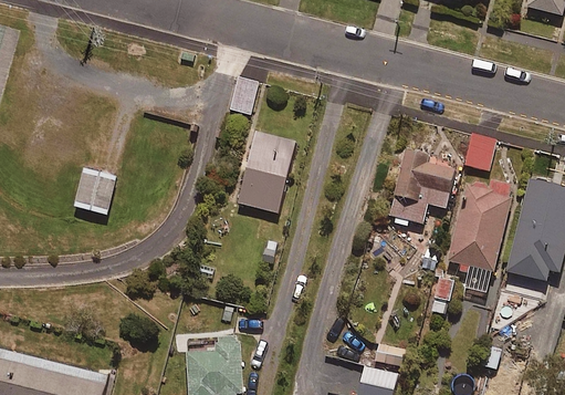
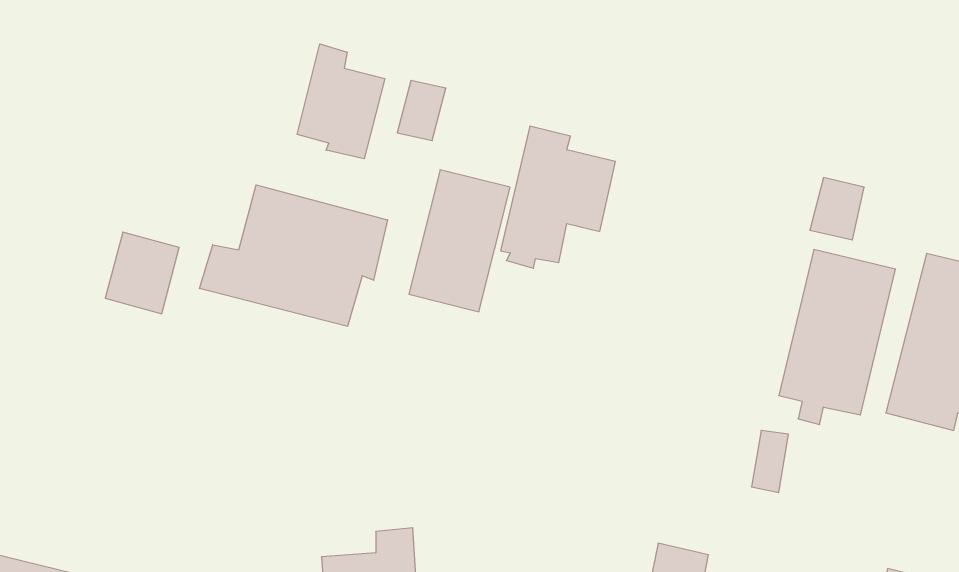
building: none -> [297,44,385,159]
building: none -> [200,185,388,326]
building: [389,147,454,228] -> [501,126,615,268]

